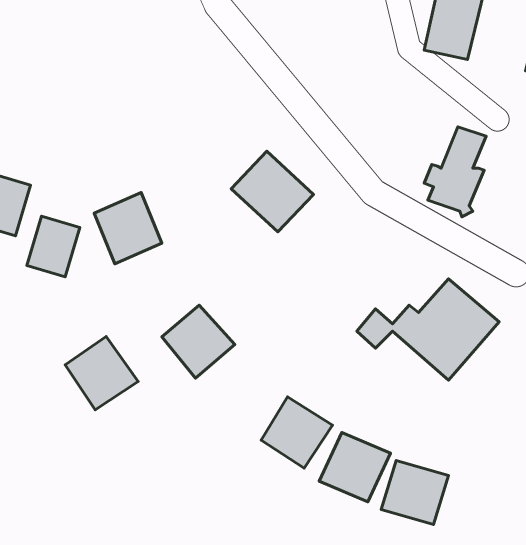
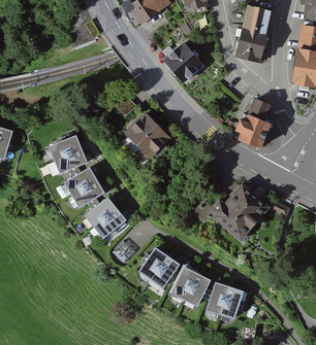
building: none -> [163,44,199,80]
building: [27,216,80,277] -> none
building: [65,337,138,410] -> [68,167,108,207]

